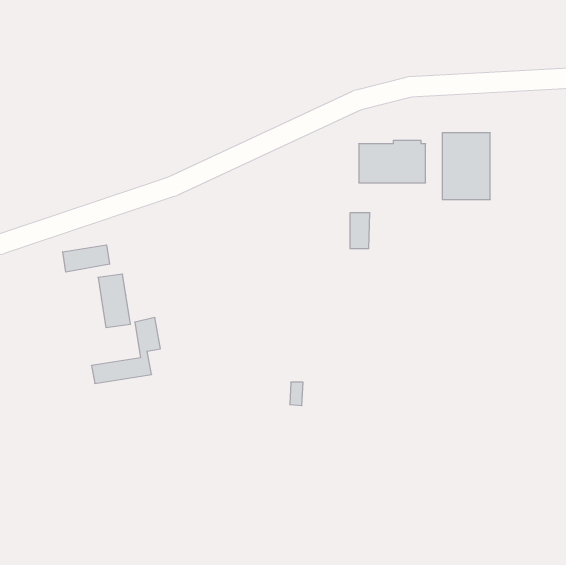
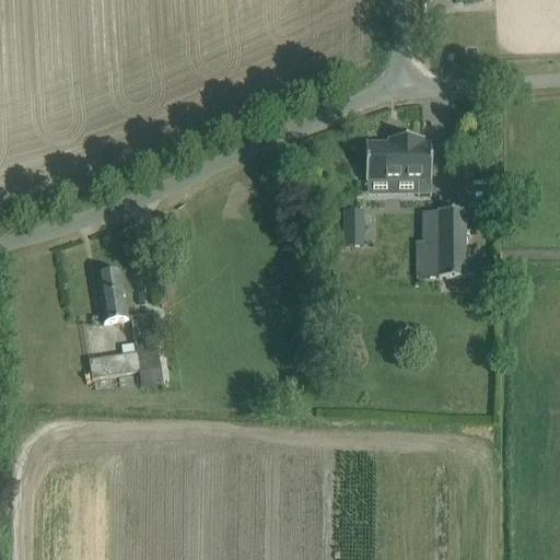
building: [442,133,490,200] -> [420,209,467,275]
building: [63,245,109,272] -> none

